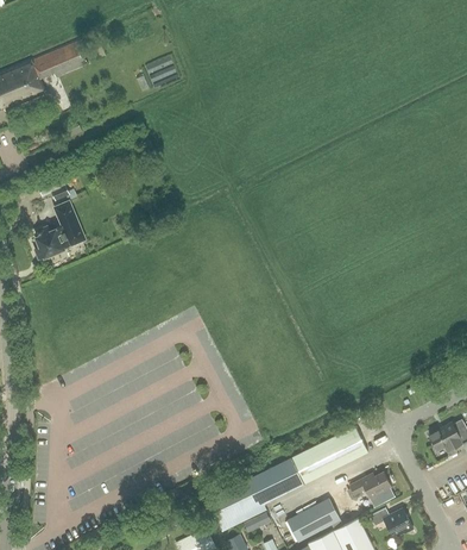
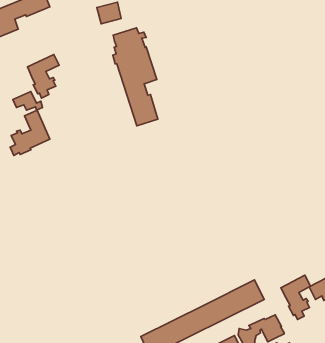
building: none -> [113,28,158,126]
building: none -> [27,55,59,98]
building: none -> [281,275,311,320]

